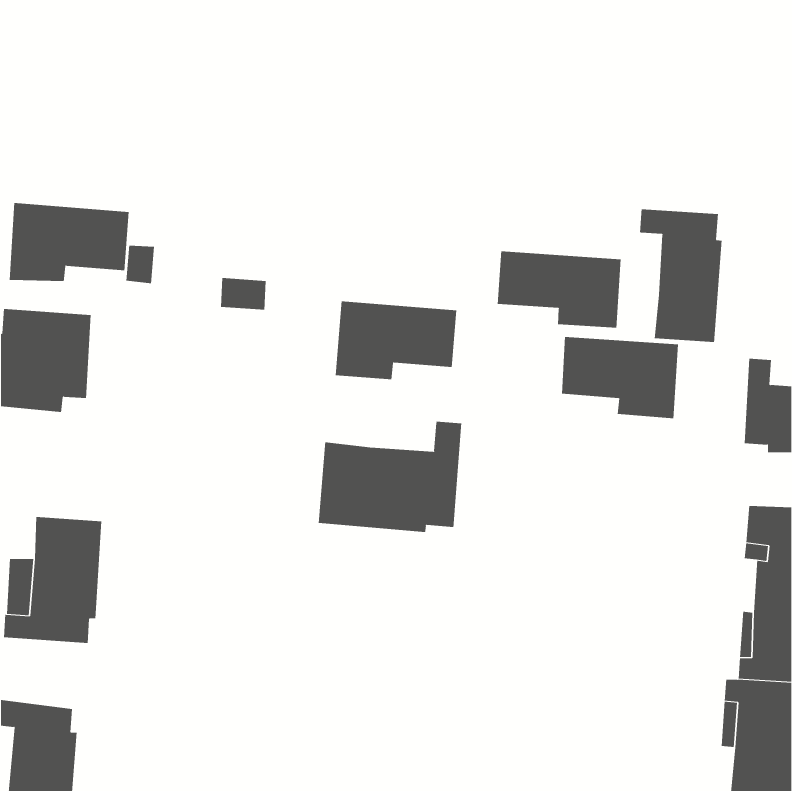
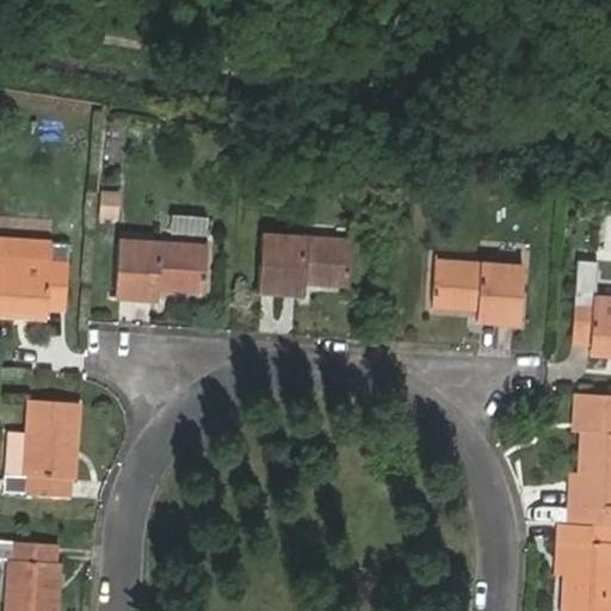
building: [9,203,130,282] -> [115,239,208,300]
building: [639,208,722,343] -> none
building: [497,251,621,329] -> none
building: [318,421,462,533] -> none

